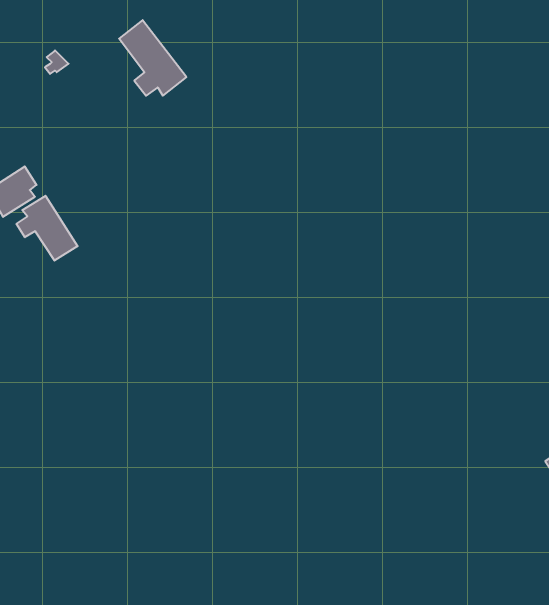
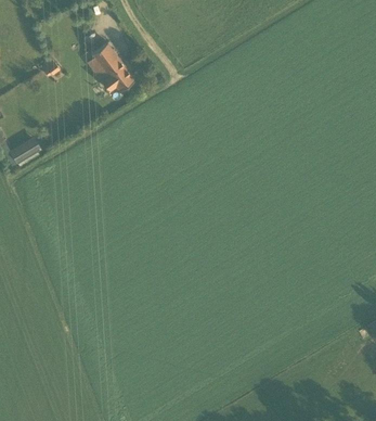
building: [17,196,78,261] -> none

